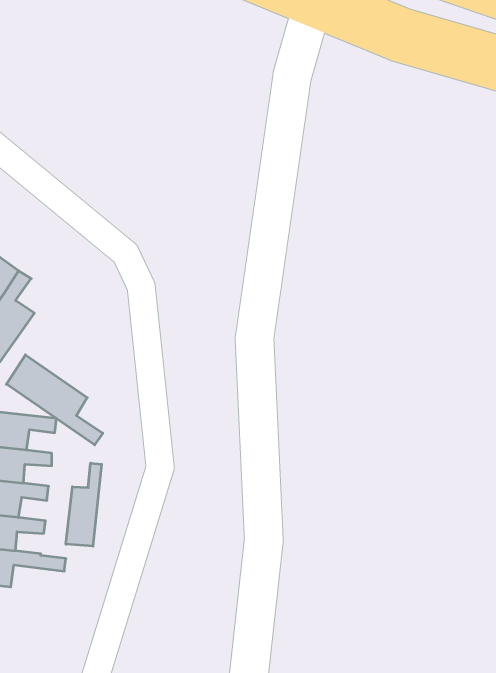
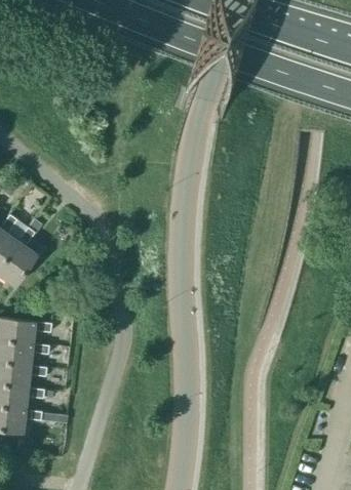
building: [6,355,103,445] -> none
building: [66,463,102,546] -> none

